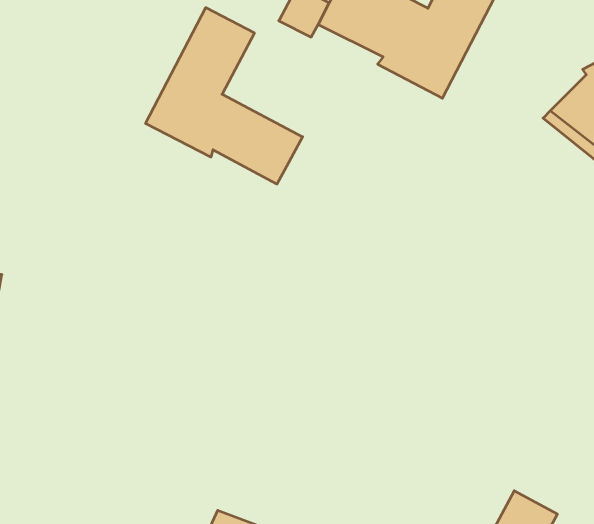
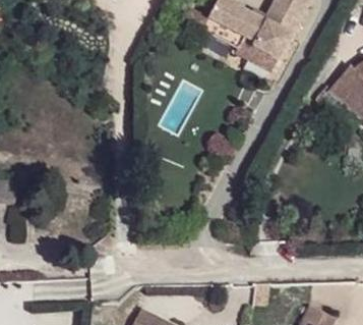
building: [146,8,303,184] -> none

